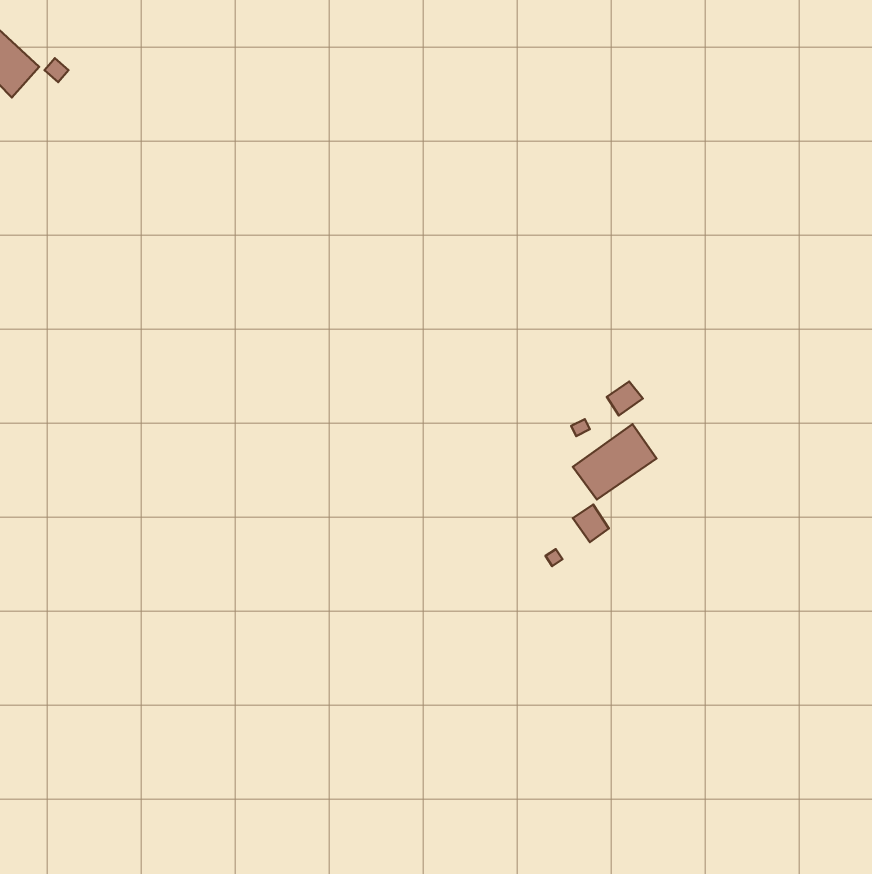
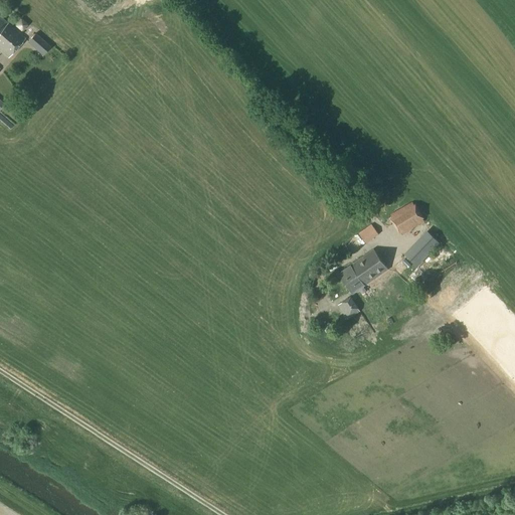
building: none -> [390,203,421,234]
building: none -> [404,232,437,266]

